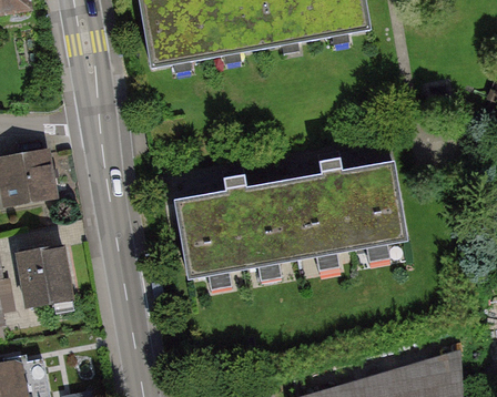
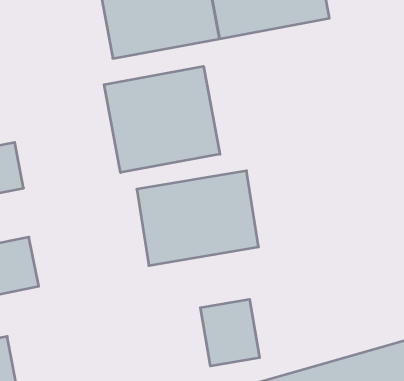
building: none -> [104,66,220,173]
building: [287,162,407,258] -> none
building: none -> [200,299,260,366]

